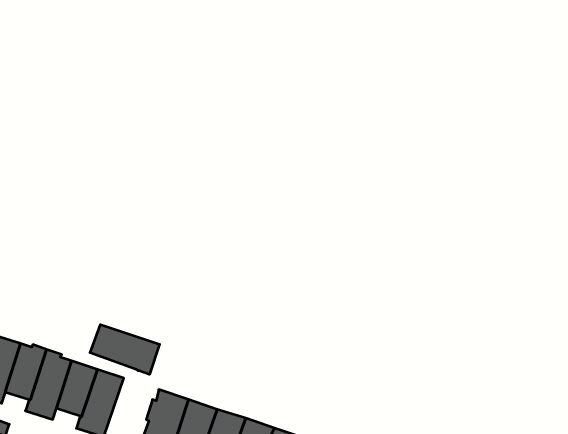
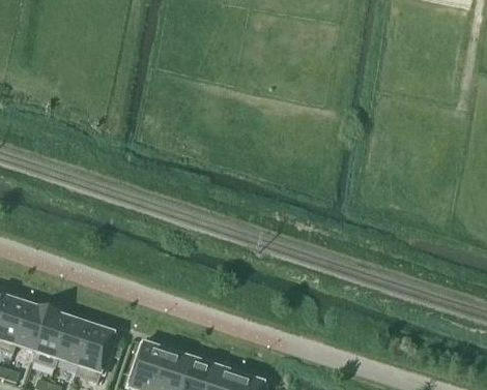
building: [90,325,160,374] -> none

